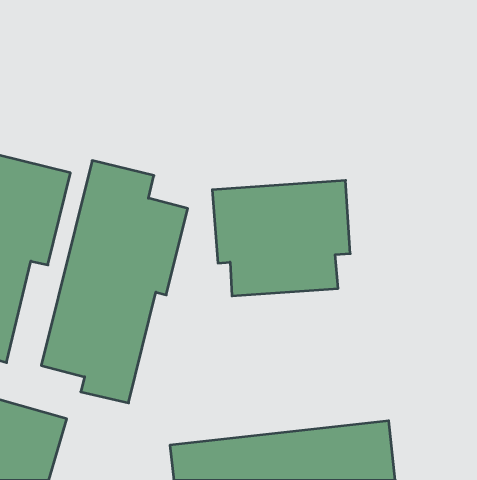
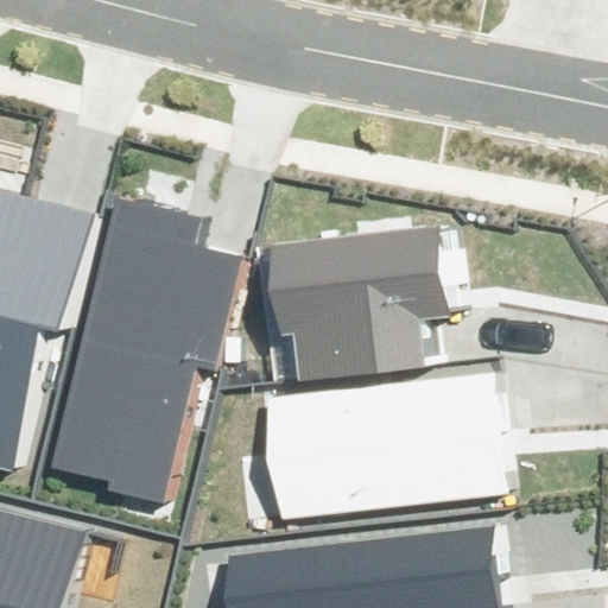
building: none -> [261,372,500,515]

